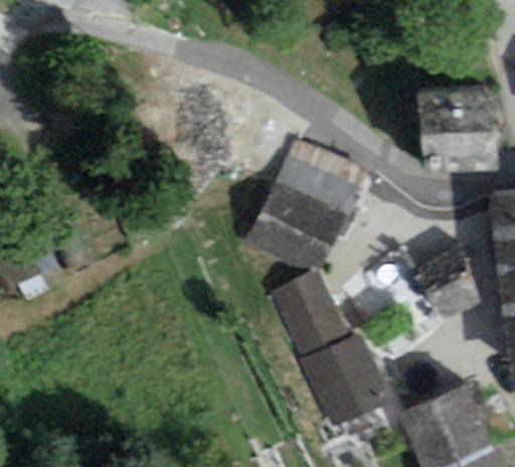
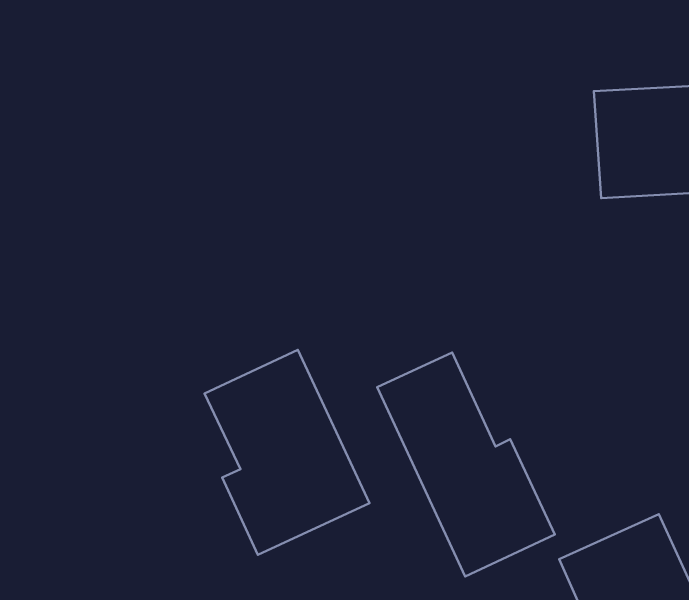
building: [248,143,361,274] -> none
building: none -> [205,350,369,555]

